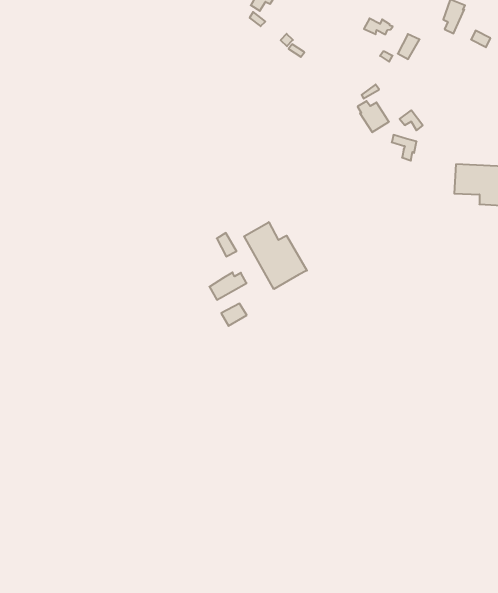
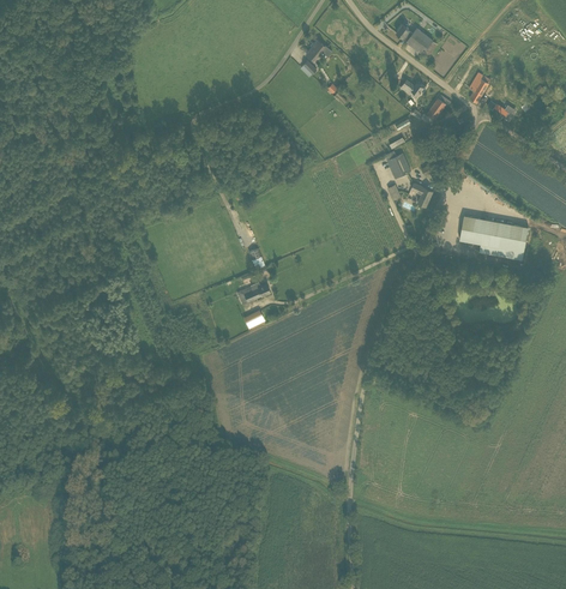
building: [244,222,307,289] -> none

